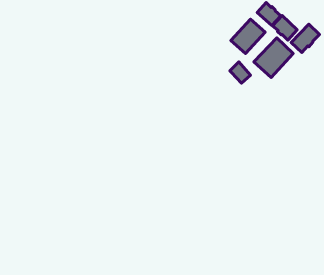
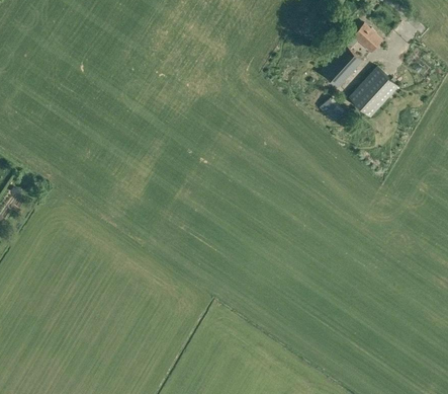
building: [273,15,297,40] -> none
building: [291,24,320,53] -> none

